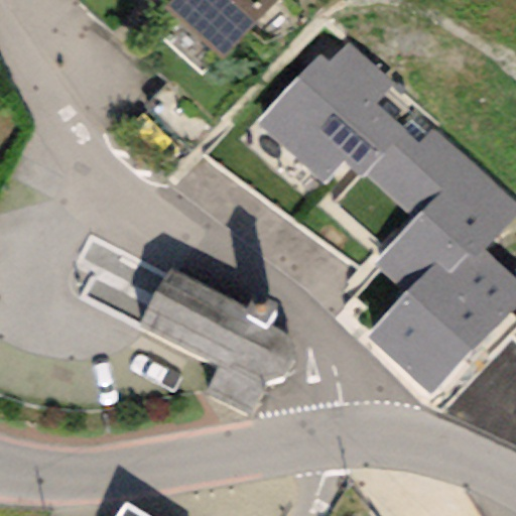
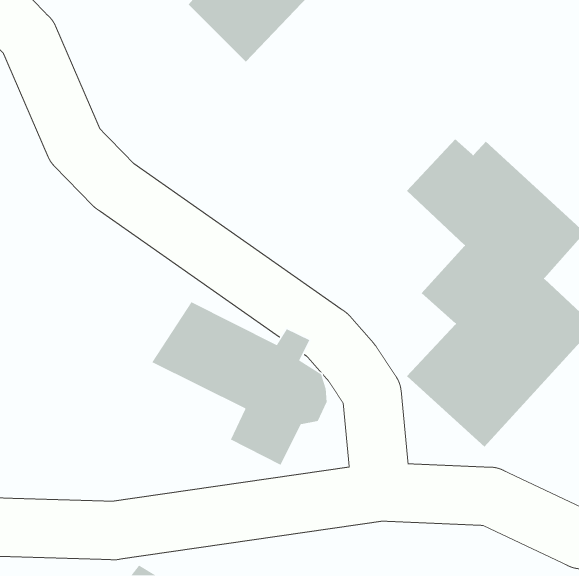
building: [257,39,405,182] -> none

